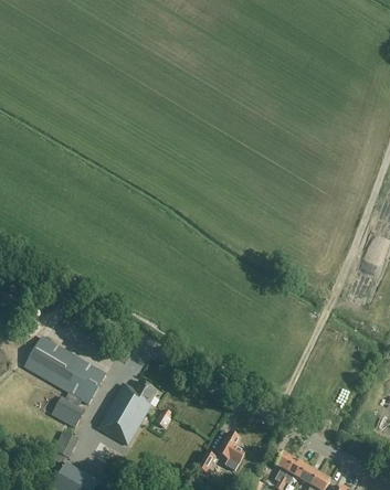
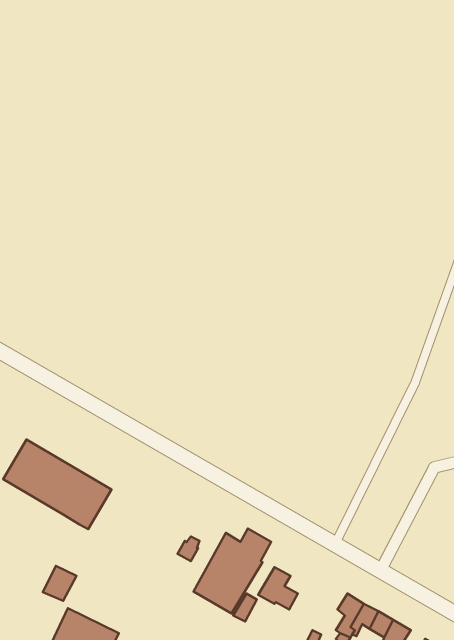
building: [98,380,157,444] -> [194,528,271,613]
building: [51,392,84,426] -> none

